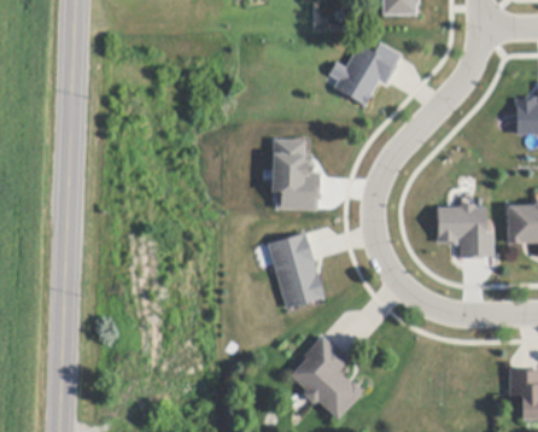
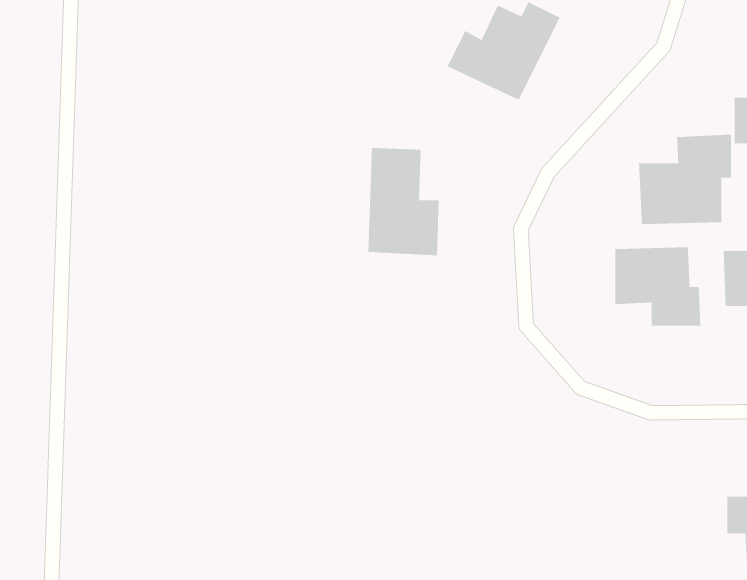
building: none -> [638,134,732,225]
building: [269,235,321,309] -> none
building: [292,337,364,420] -> none

